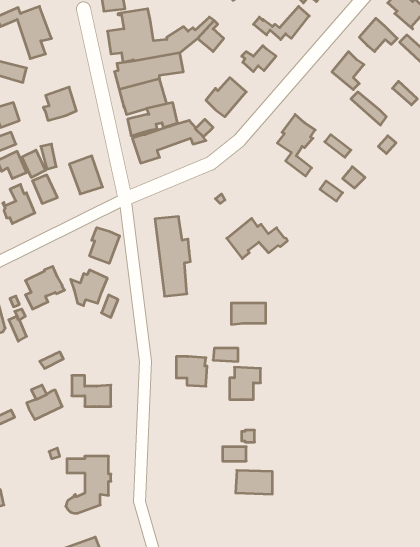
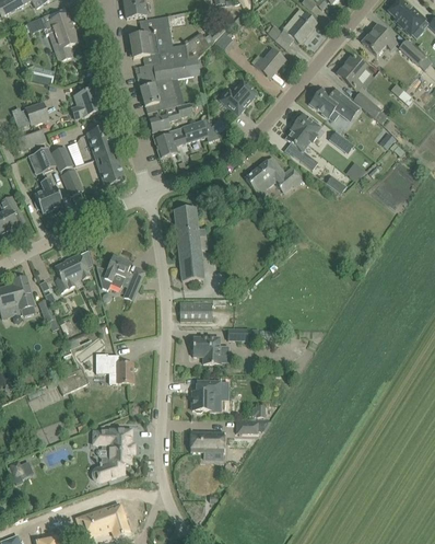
building: none -> [309,89,358,119]
building: none -> [85,125,115,159]
building: [227,218,287,259] -> [245,159,301,196]
building: [90,228,120,263] -> none
building: [231,303,266,324] -> [179,301,211,321]
building: [230,367,261,399] -> [191,380,220,409]
building: [236,470,272,494] -> [189,430,223,452]

